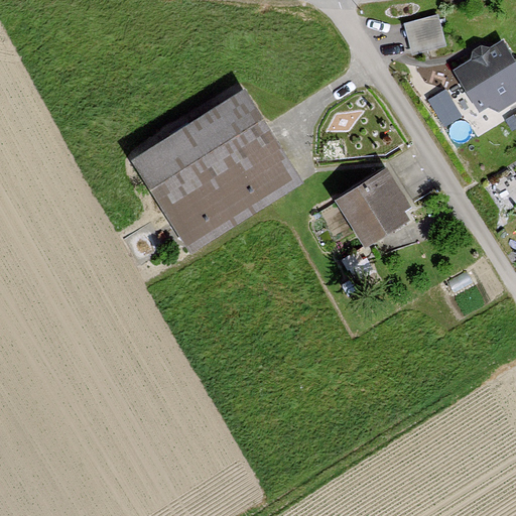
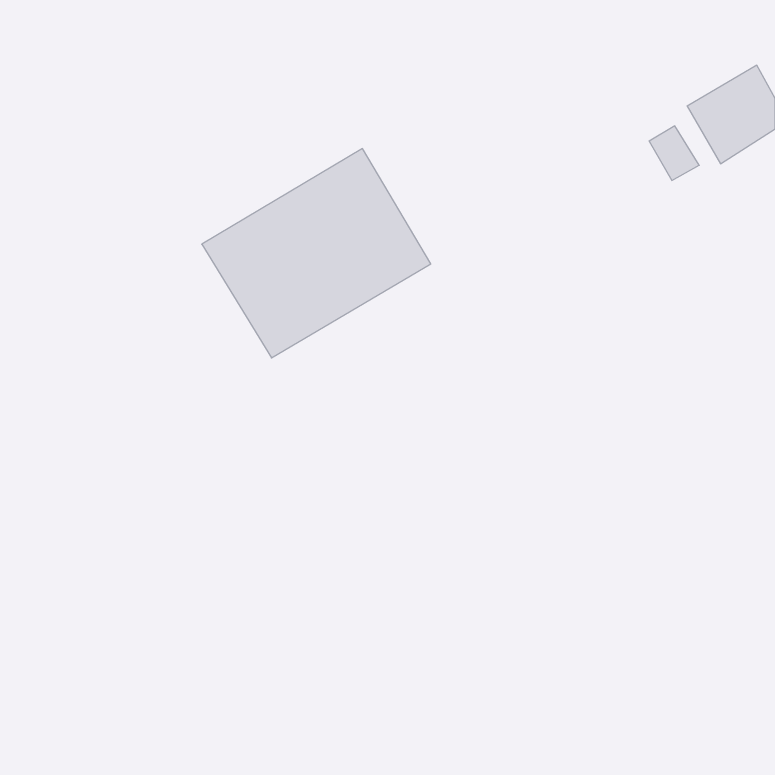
building: [405,16,444,52] -> none
building: [340,173,409,237] -> none

